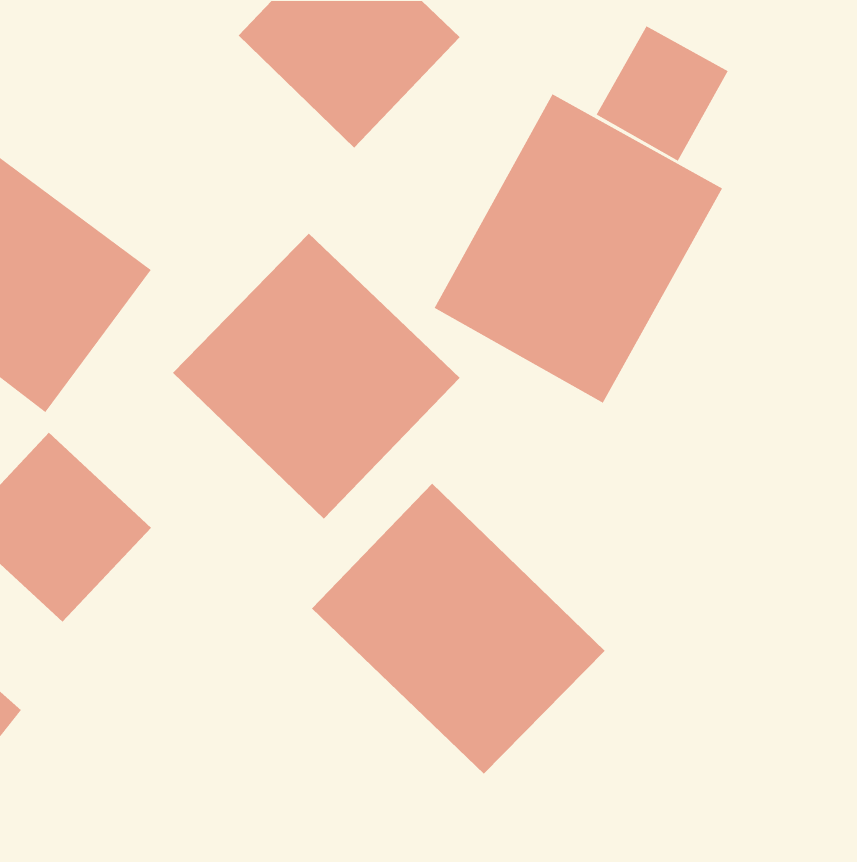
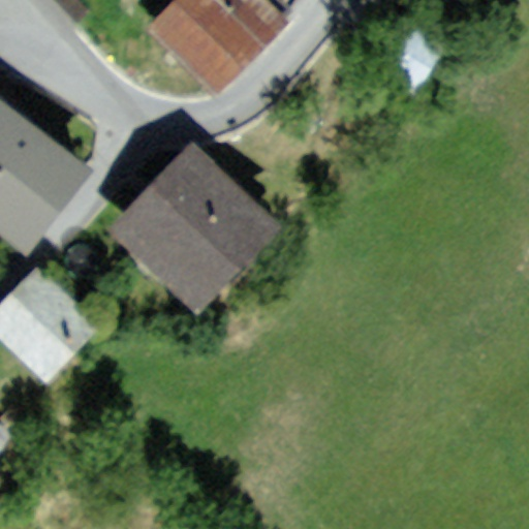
building: [434,93,723,404] -> none
building: [311,483,606,774] -> none

